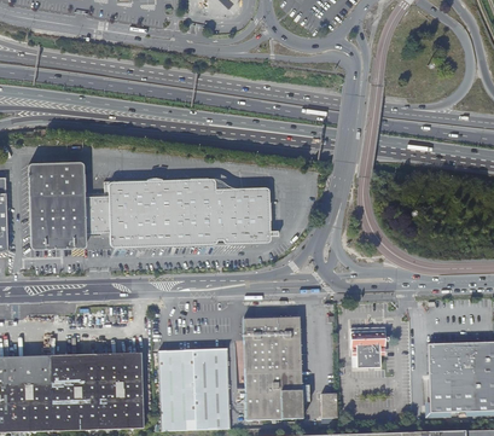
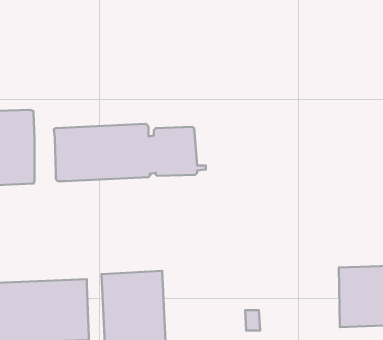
building: [83,191,107,242] -> none
building: [243,315,302,418] -> none
building: [353,326,388,366] -> none

